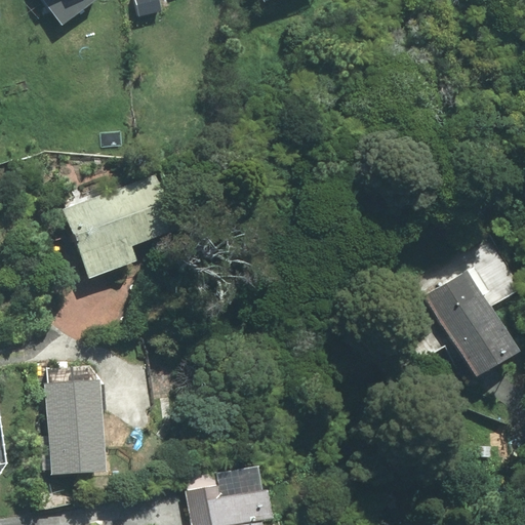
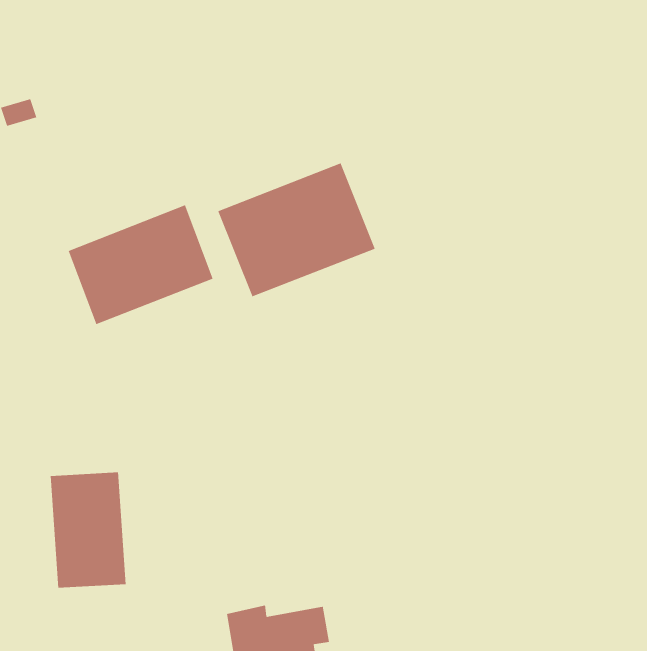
building: none -> [217,162,376,297]
building: [430,274,519,378] -> none

